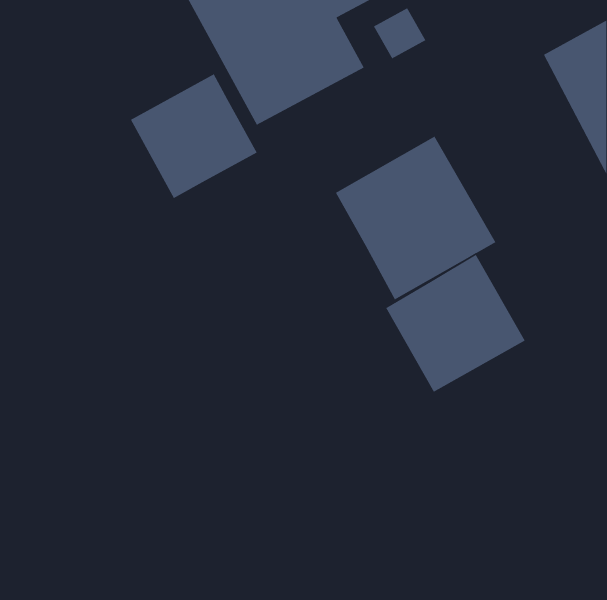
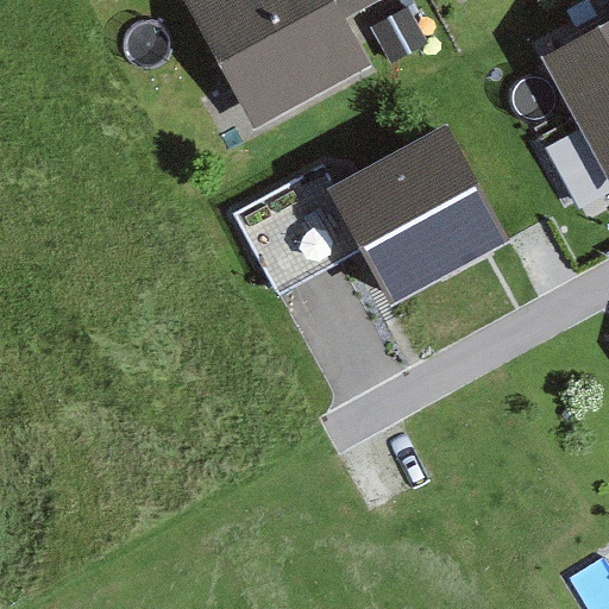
building: [130,73,258,199] -> [237,167,365,293]
building: [385,254,526,393] -> none

